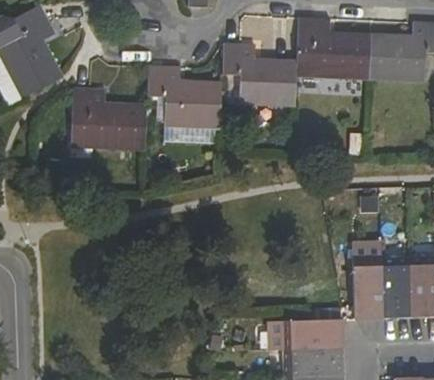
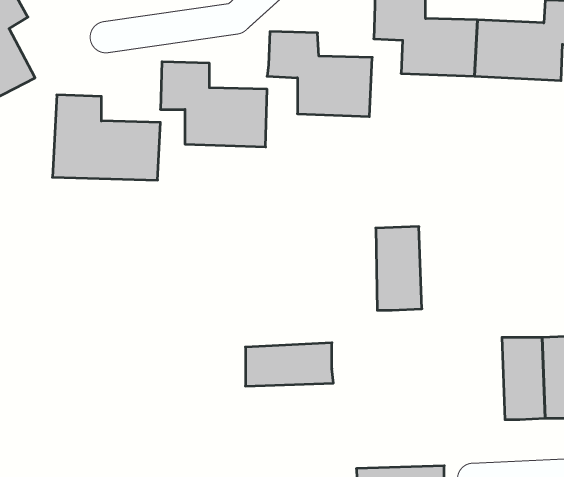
building: [354,257,386,315] -> [376,227,422,310]
building: [283,318,344,348] -> [245,343,333,386]

